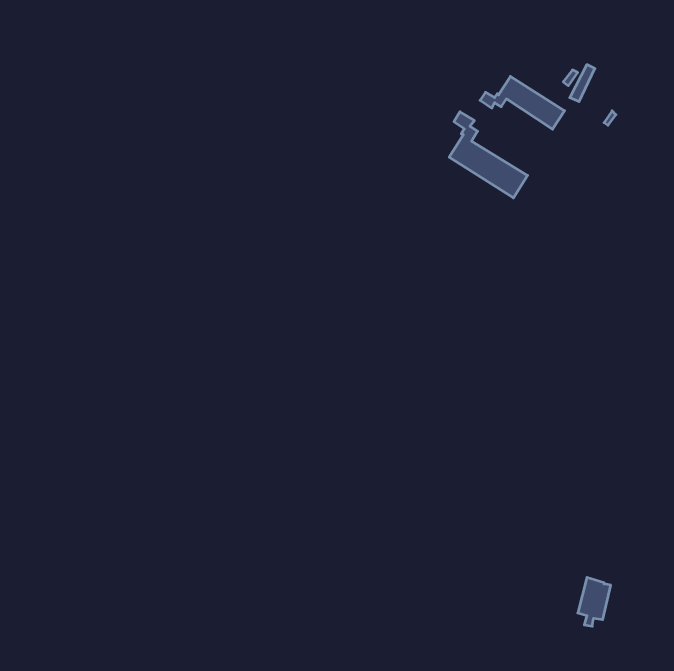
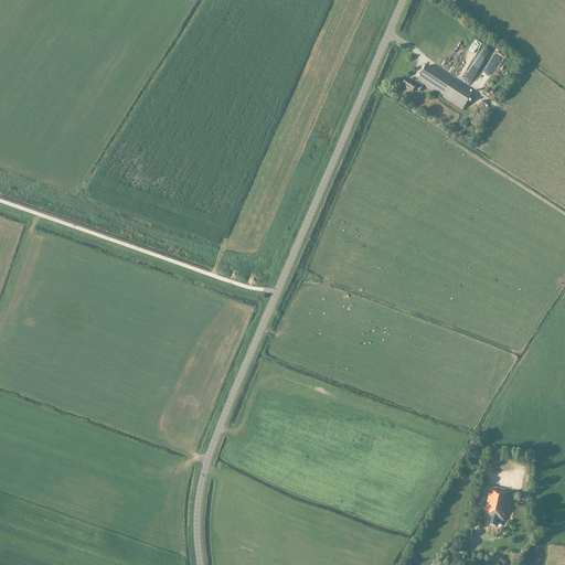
building: [449,112,528,198] -> none

